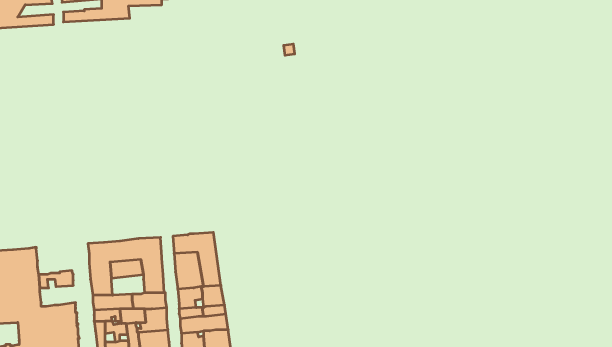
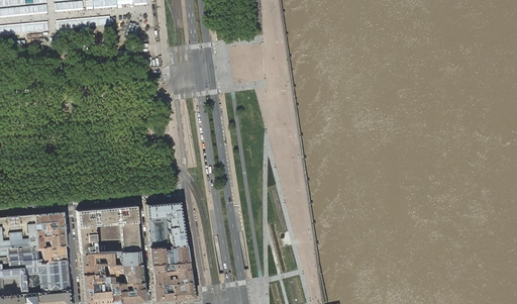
building: none -> [34,211,64,235]
building: none -> [37,244,67,262]

